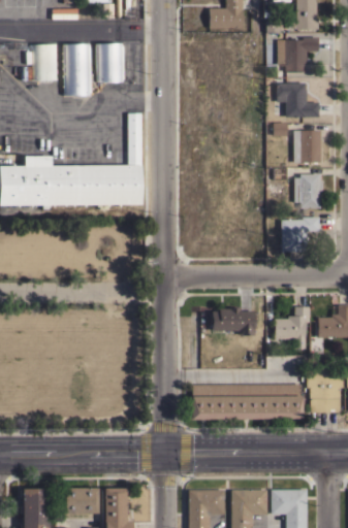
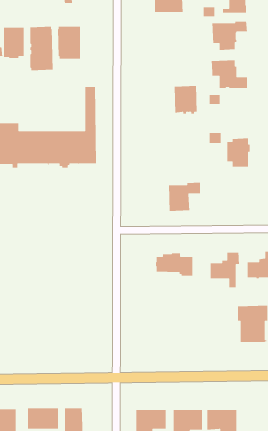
building: [293,131,321,165] -> [174,85,198,114]
building: [281,218,319,253] -> [168,182,201,212]
building: [190,382,303,418] -> none

